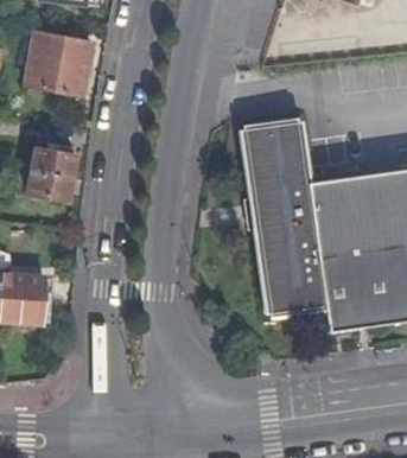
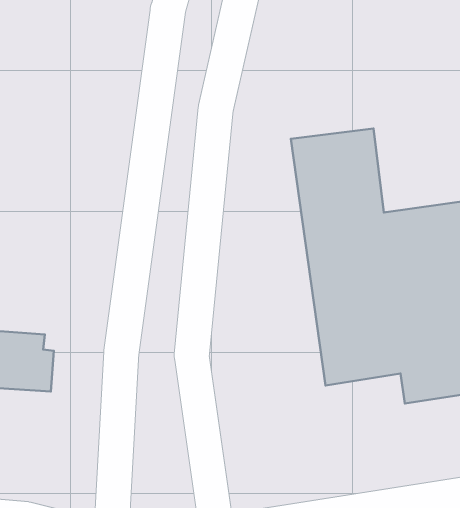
building: [25,33,91,96] -> none
building: [27,148,76,201] -> none

